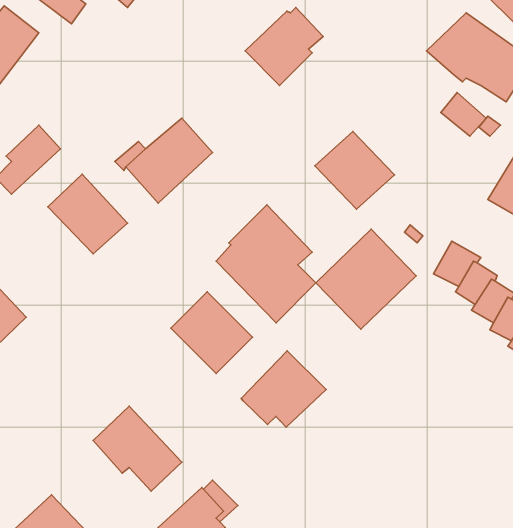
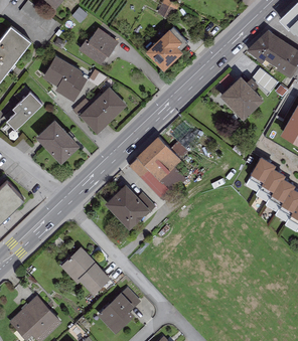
building: none -> [78,27,118,65]
building: none -> [42,55,87,102]
building: [315,131,394,209] -> [219,74,264,118]
building: [316,229,416,329] -> none
building: [241,351,326,427] -> none

